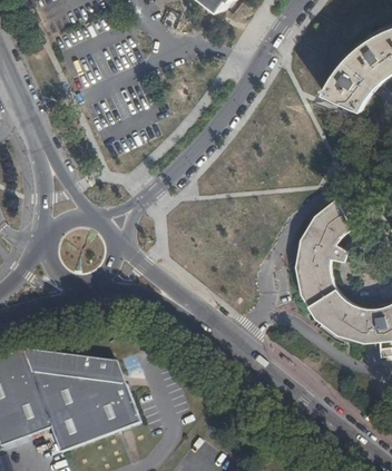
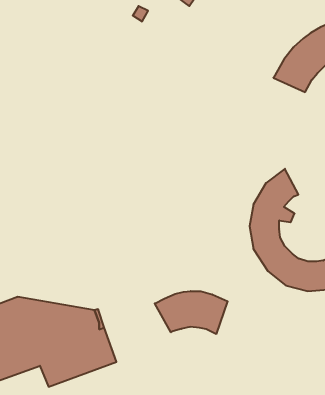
building: none -> [155,291,228,334]

